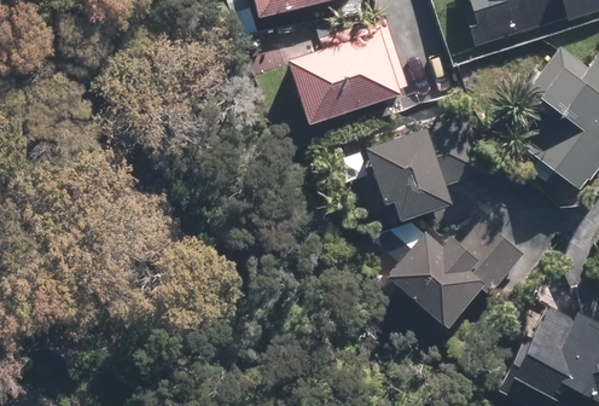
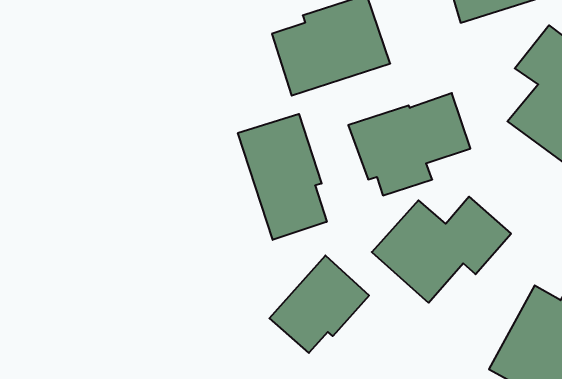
building: none -> [238,114,327,240]
building: none -> [269,255,369,353]

